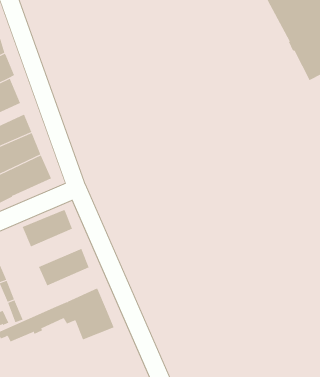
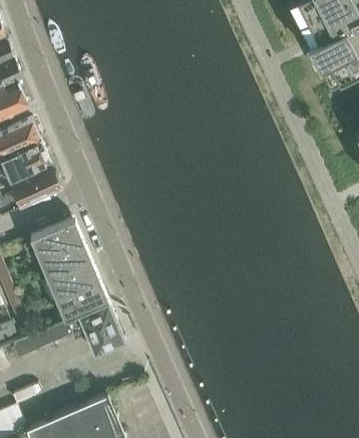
building: none -> [39,239,92,278]
building: none -> [56,279,109,319]

